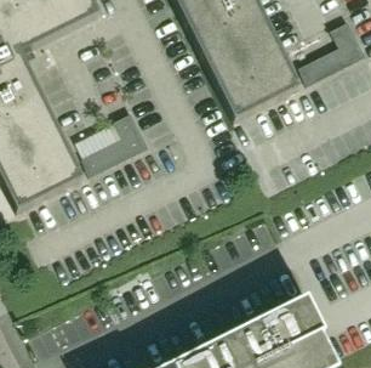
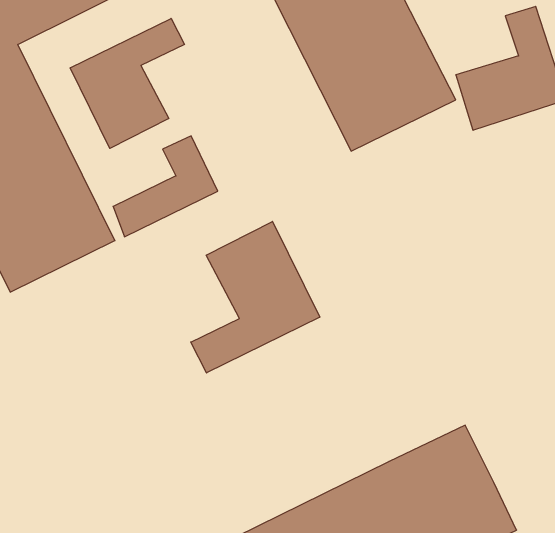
building: none -> [70,18,184,148]
building: none -> [191,221,320,373]

